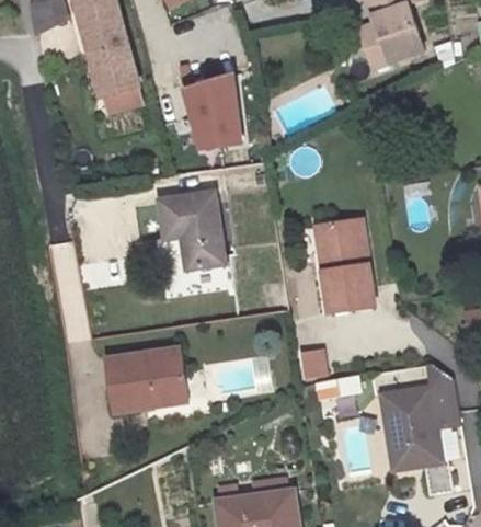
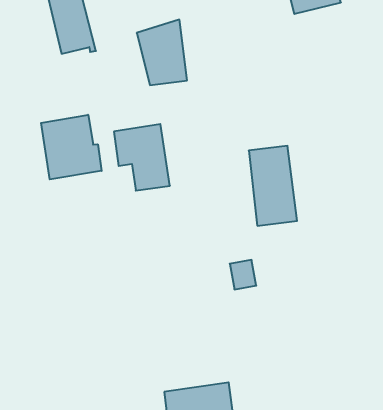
building: none -> [41,115,102,179]
building: [104,347,185,411] -> none
building: [380,363,457,493] -> none

